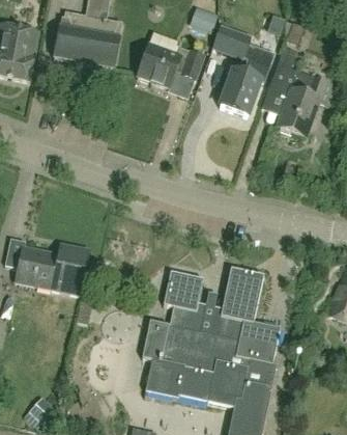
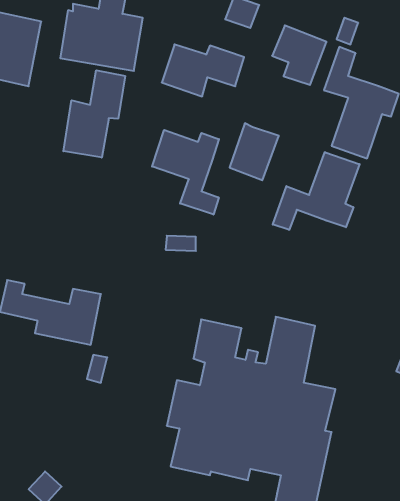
building: none -> [63,70,125,158]
building: [218,69,258,115] -> [230,123,279,180]
building: none -> [152,130,219,215]
building: none -> [273,152,360,230]

